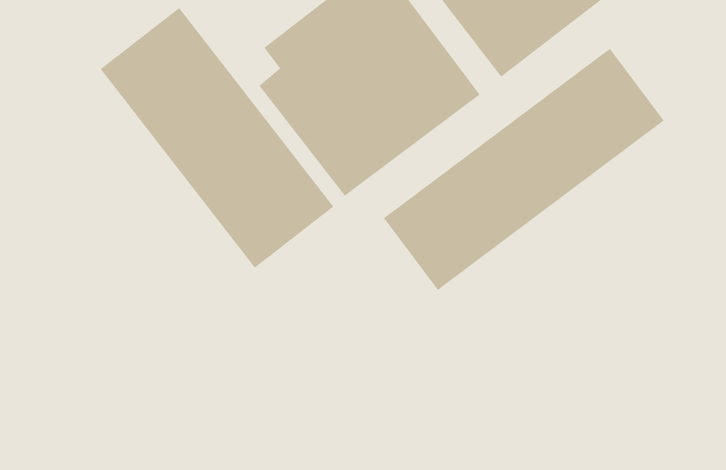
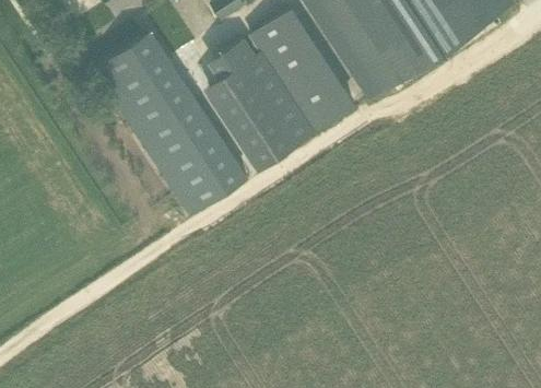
building: [383,48,665,291] -> none

